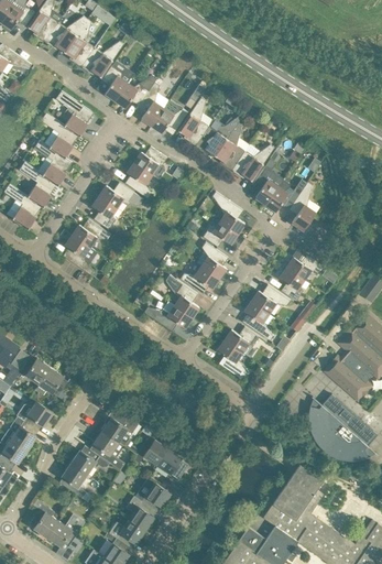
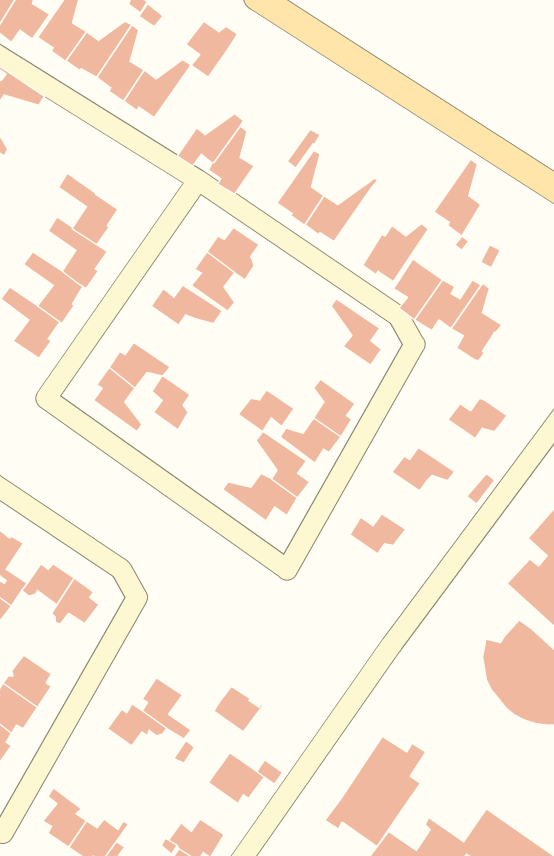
building: [100,66,133,101] -> [186,21,238,77]
building: [54,90,92,137] -> none
building: [151,108,187,135] -> none
building: [214,122,243,171] -> [434,159,481,236]
building: [91,196,116,230] -> [152,376,190,430]
building: [201,221,237,248] -> [238,390,294,432]
building: [279,268,303,302] -> none
building: [241,301,272,340] -> none
building: [217,340,245,380] -> none
building: [18,402,53,429] -> none
building: [101,408,141,454] -> none
building: [156,448,186,479] -> none
building: [61,463,86,498] -> none
building: [262,465,326,534] -> [325,736,426,846]
building: [125,496,153,530] -> none

